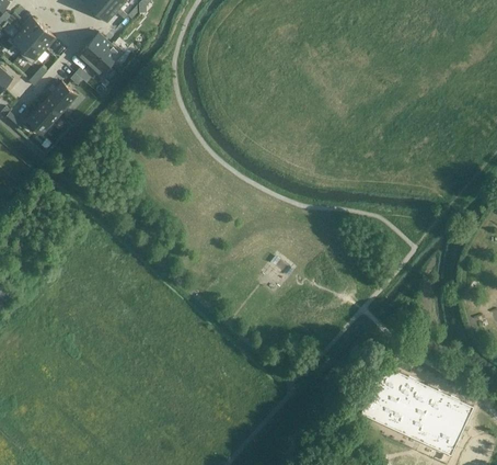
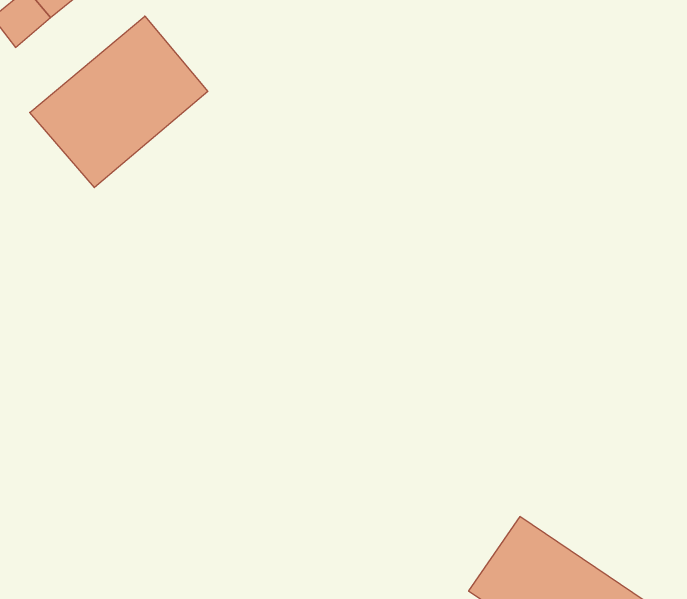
building: none -> [30,16,208,188]

